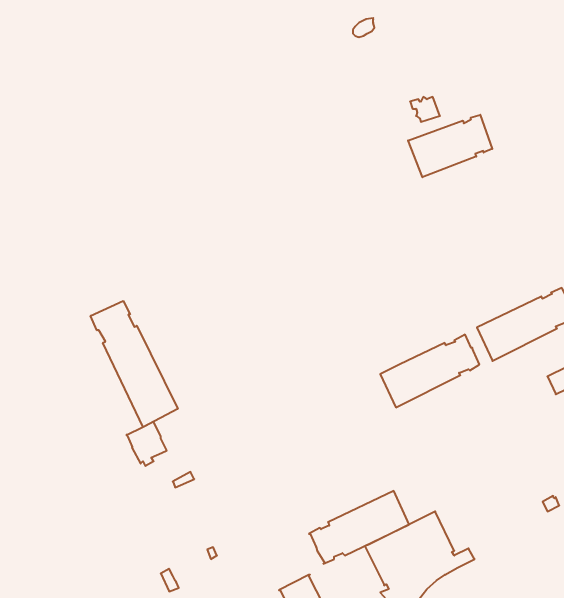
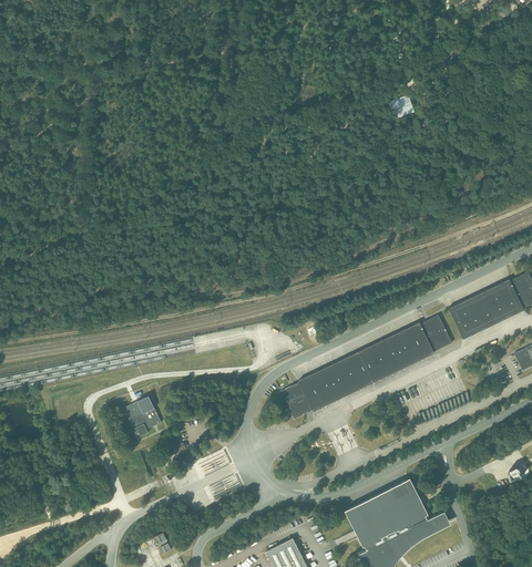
building: [408,115,492,177] -> none
building: [91,301,178,427] -> none
building: [309,491,409,564] -> [280,351,374,419]

